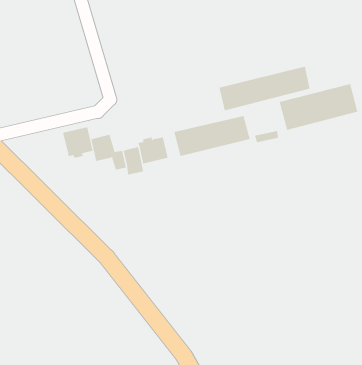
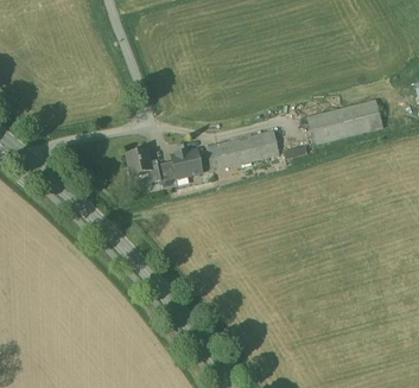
building: [219,66,310,111] -> none
building: [63,127,93,159] -> none

